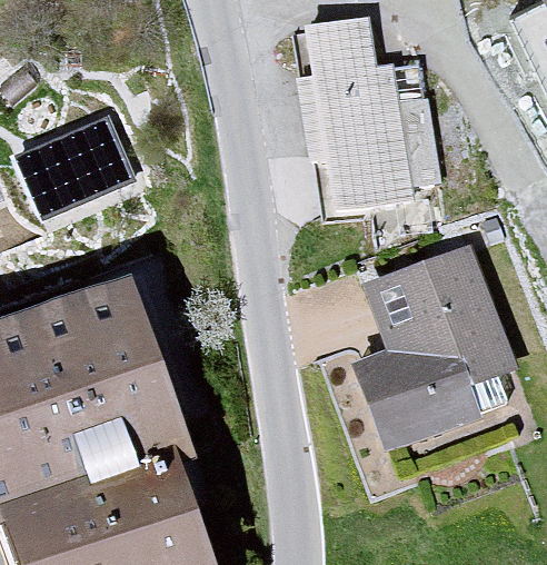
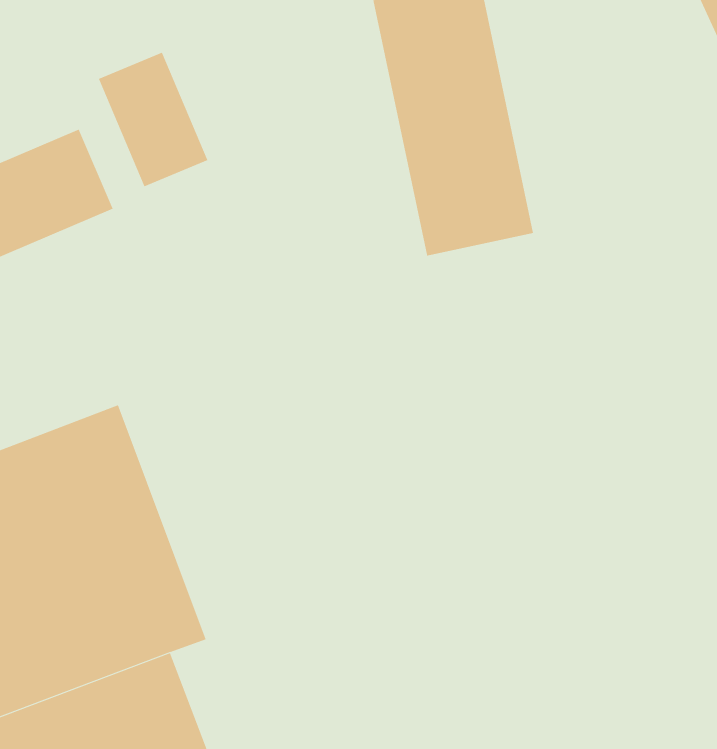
building: none -> [98,52,208,187]
building: [362,255,517,439] -> none

